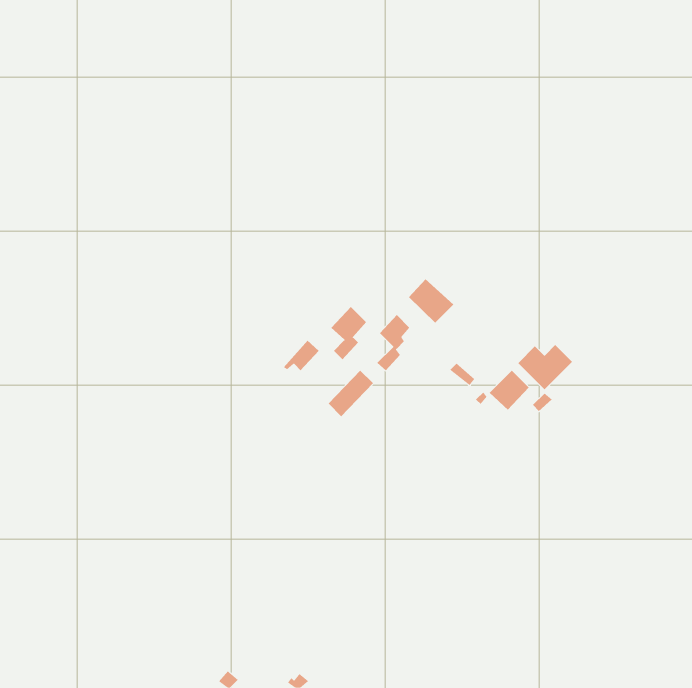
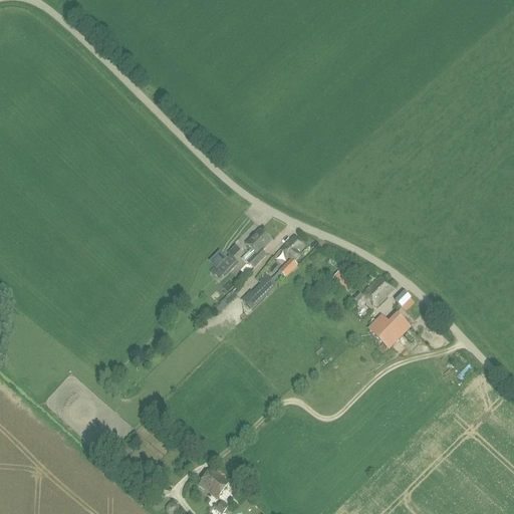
building: [408,278,454,323] -> none
building: [517,344,573,390] -> [368,312,410,346]
building: none -> [199,467,229,497]

